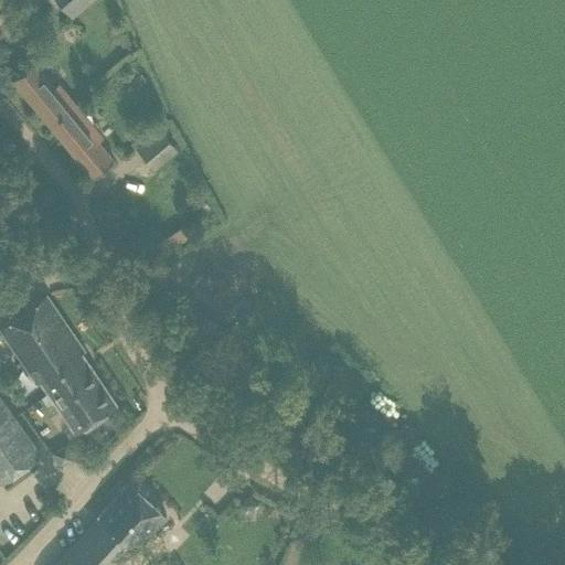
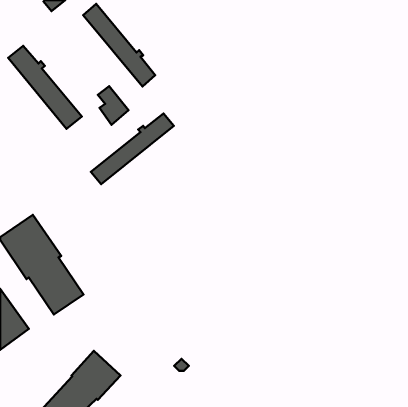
building: none -> [83,4,155,86]
building: none -> [91,114,174,184]

